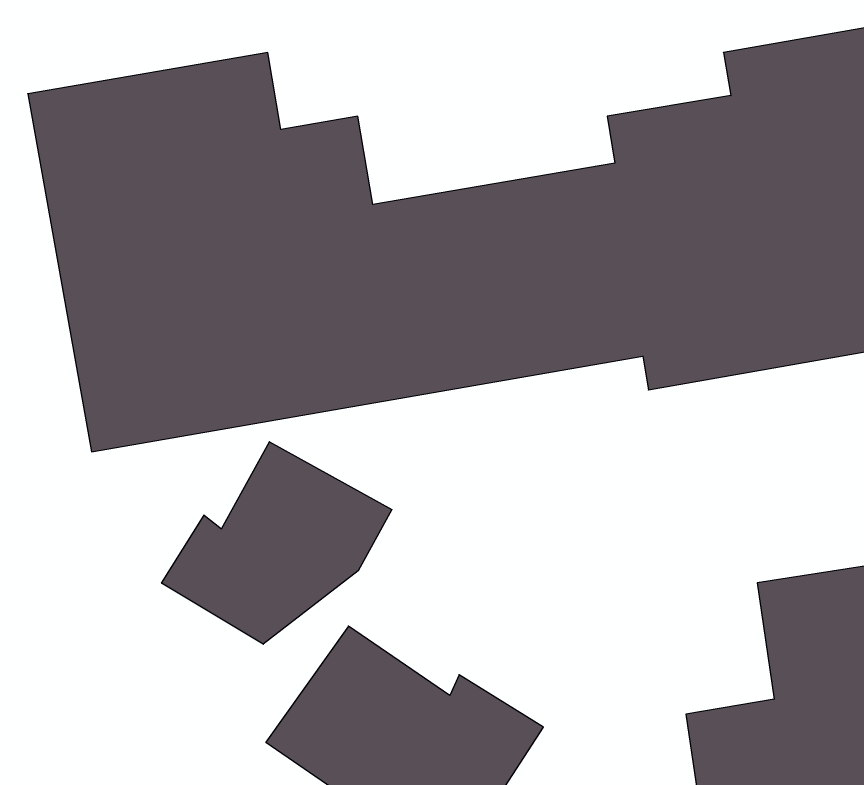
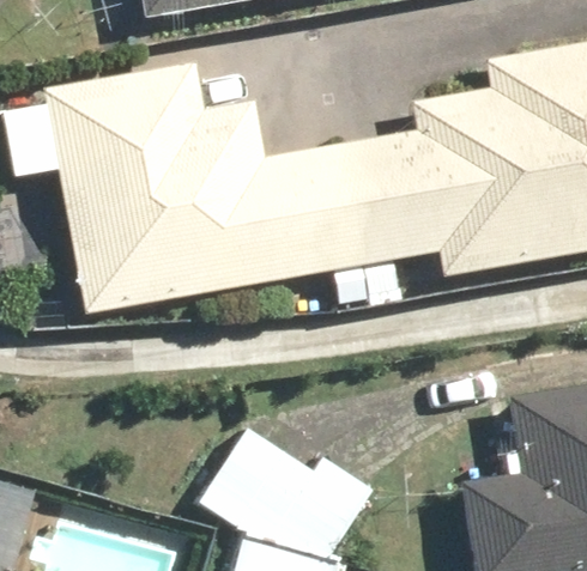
building: [162,442,392,644] -> none

